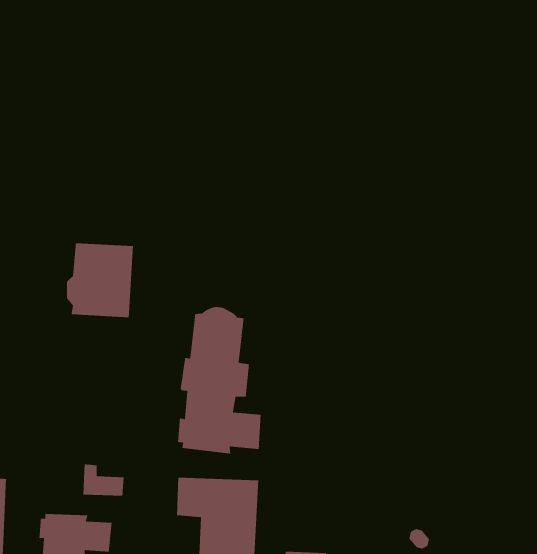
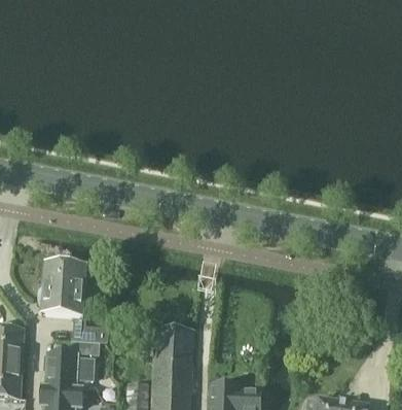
building: [66,243,134,318] -> [38,264,84,315]
building: [177,306,261,455] -> none

